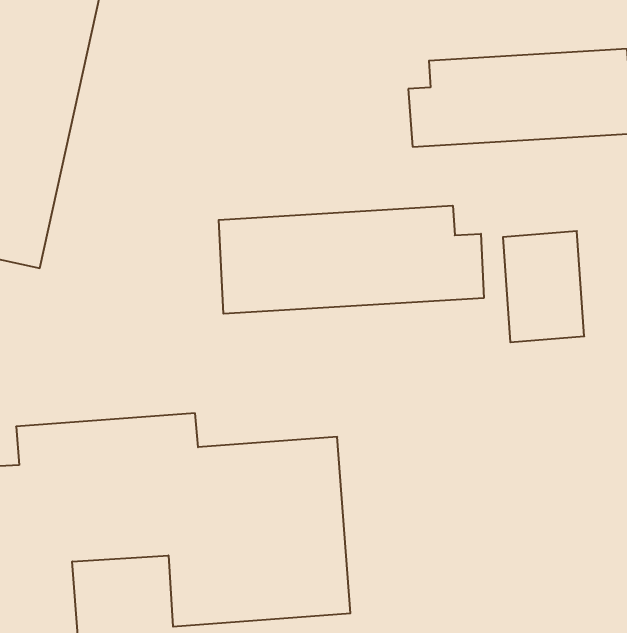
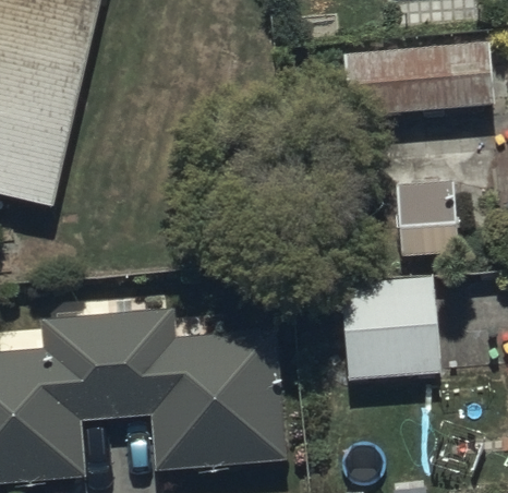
building: [219,206,484,314] -> none
building: none -> [337,274,440,381]

